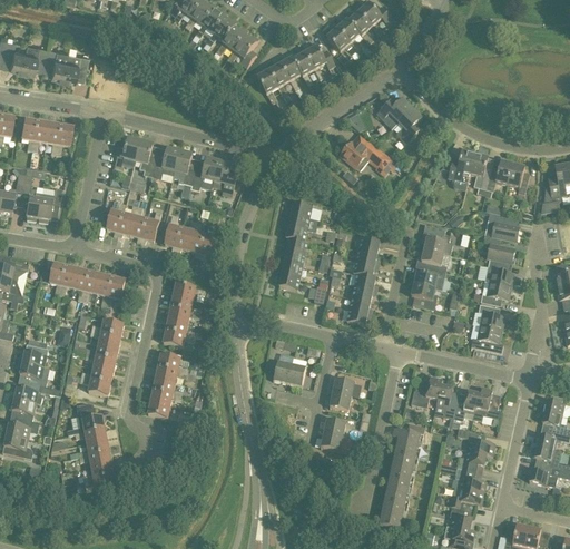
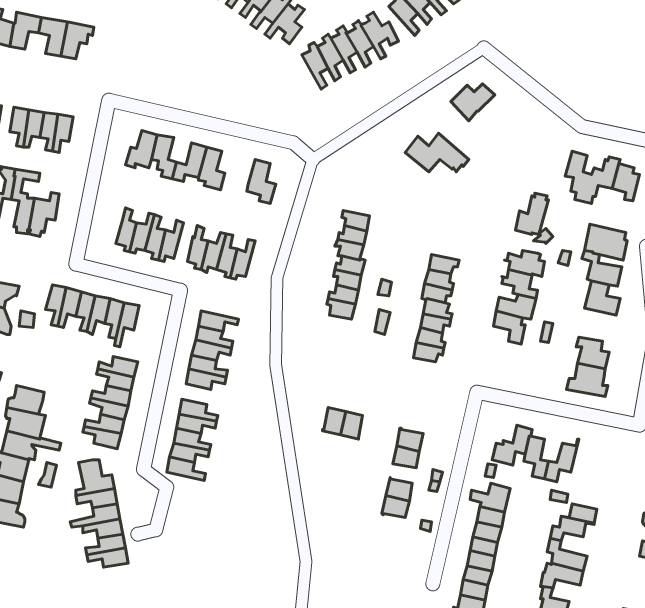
building: [395,107,421,143] -> none
building: [448,147,474,180] -> [515,193,548,234]
building: [190,156,218,189] -> none
building: [480,280,510,304] -> none
building: [473,385,500,424] -> none

